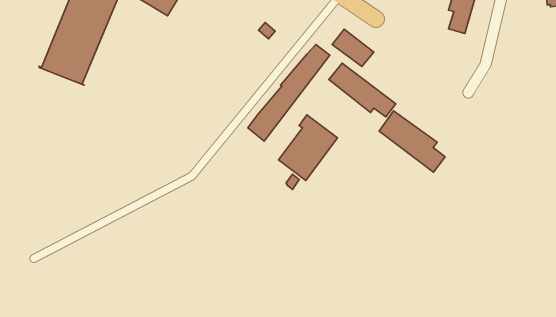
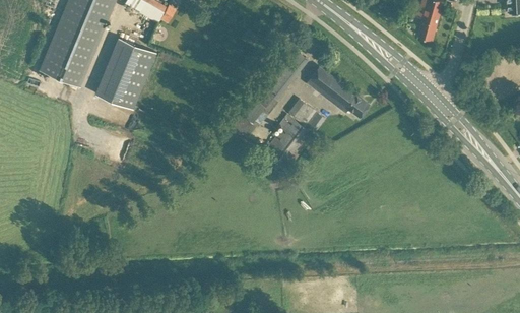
building: [332,29,374,67] -> [287,99,326,133]
building: none -> [95,38,155,110]
building: [379,111,445,172] -> none

